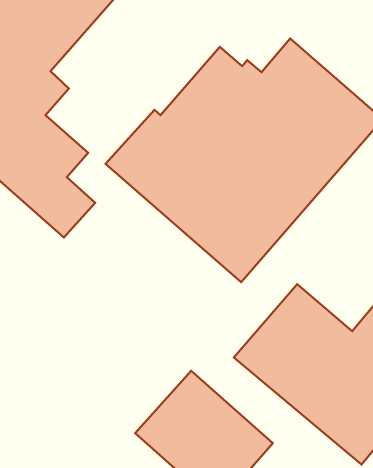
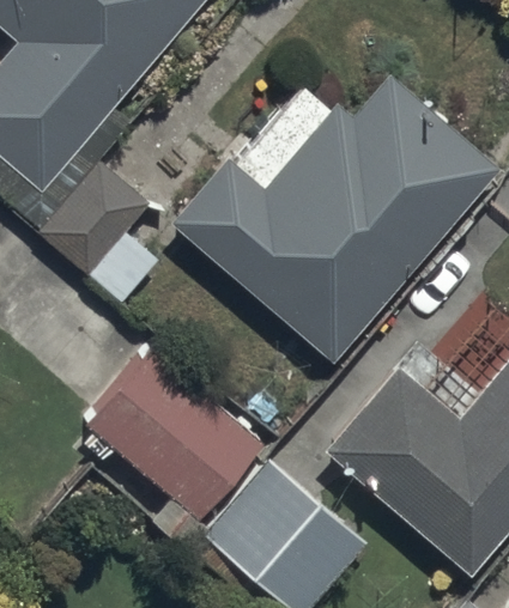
building: none -> [85,348,265,519]

